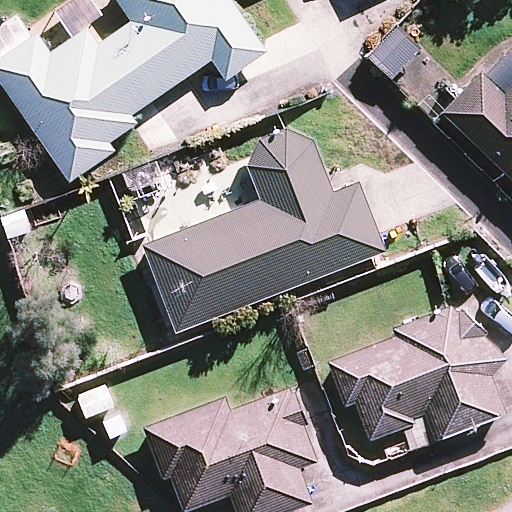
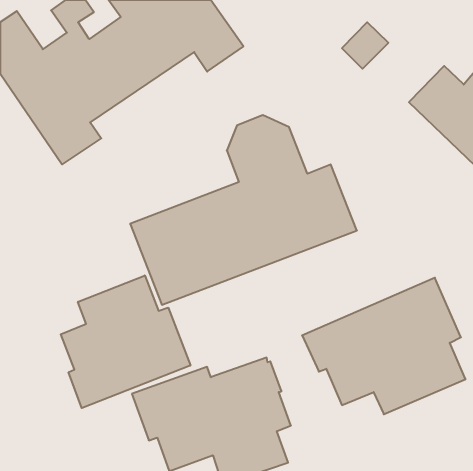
building: none -> [61,275,190,408]

